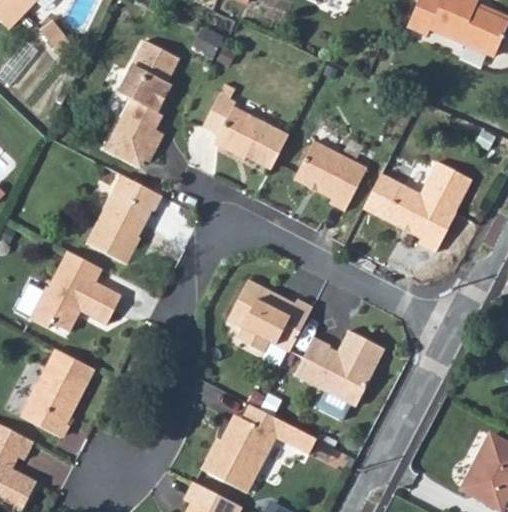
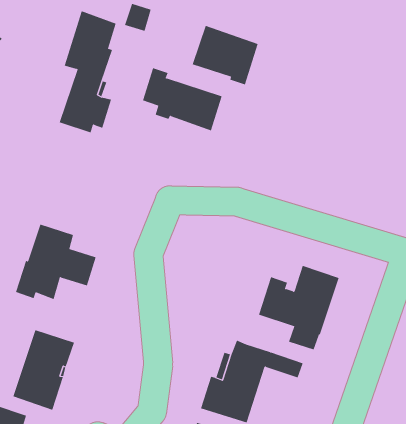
building: [293,143,366,212] -> [192,25,258,85]
building: [93,166,168,256] -> none
building: [358,166,465,255] -> none
building: [223,281,308,353] -> none

